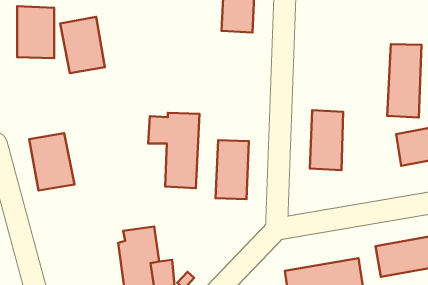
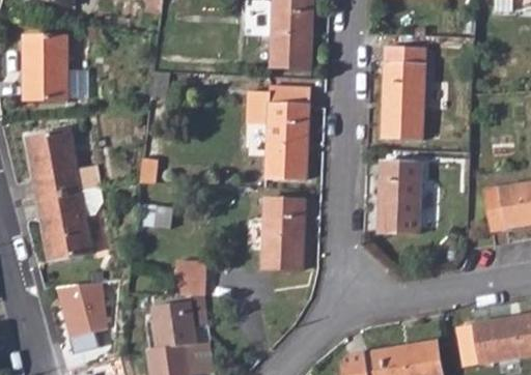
building: [60,17,105,73] -> [26,128,80,197]
building: [387,44,422,118] -> [381,50,422,139]
building: [148,113,199,188] -> [246,88,308,179]
building: none -> [173,264,204,297]
building: none -> [61,282,108,339]

